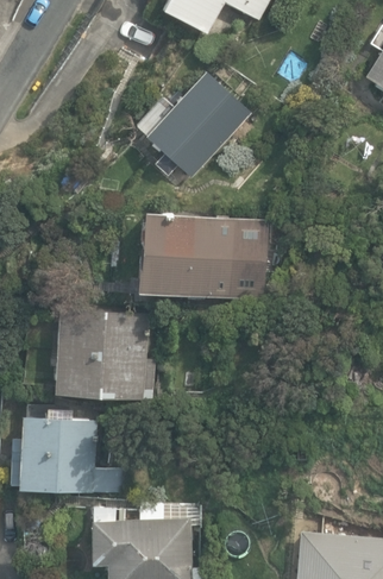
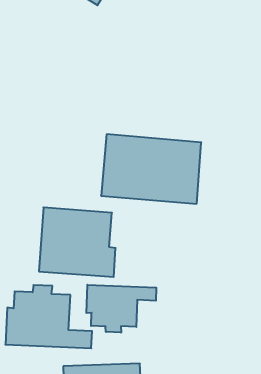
building: [144,69,247,175] -> none
building: none -> [86,285,156,333]

